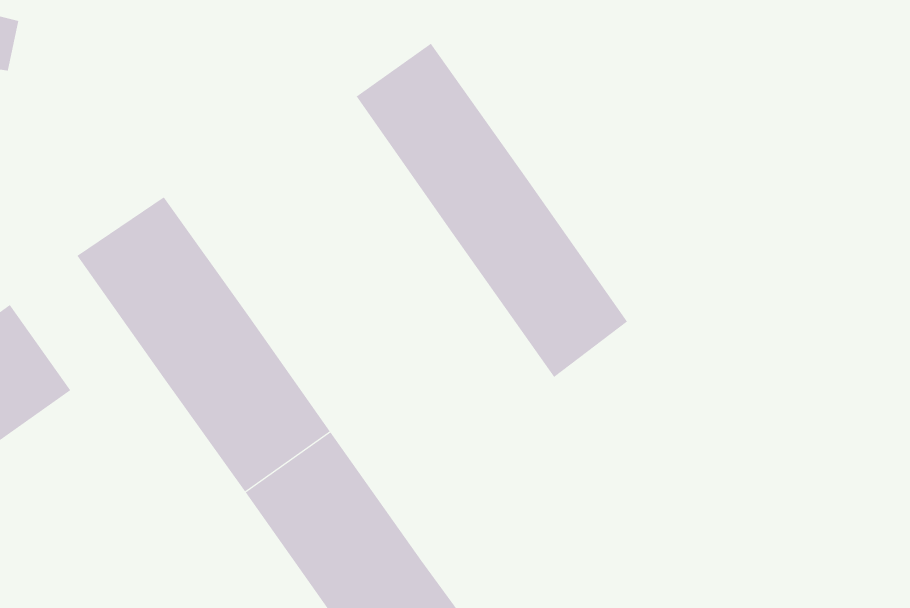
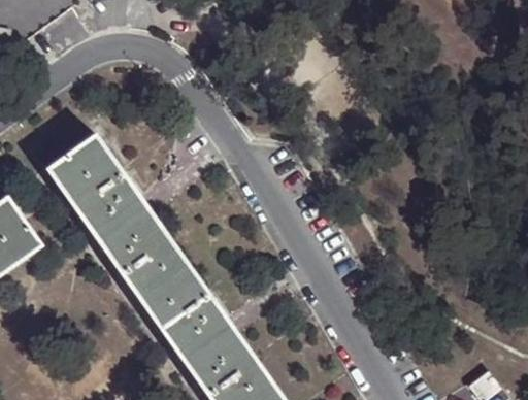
building: [356,43,628,378] -> none

